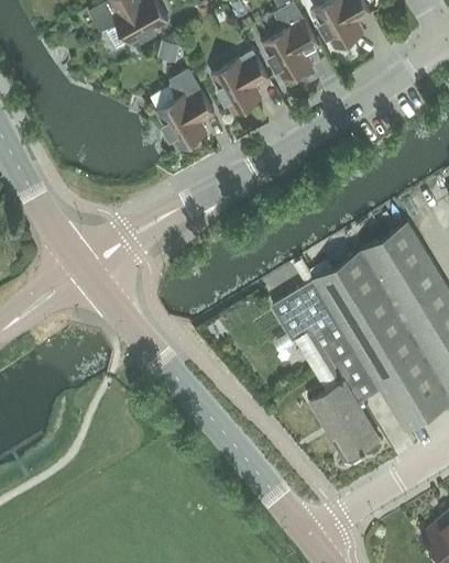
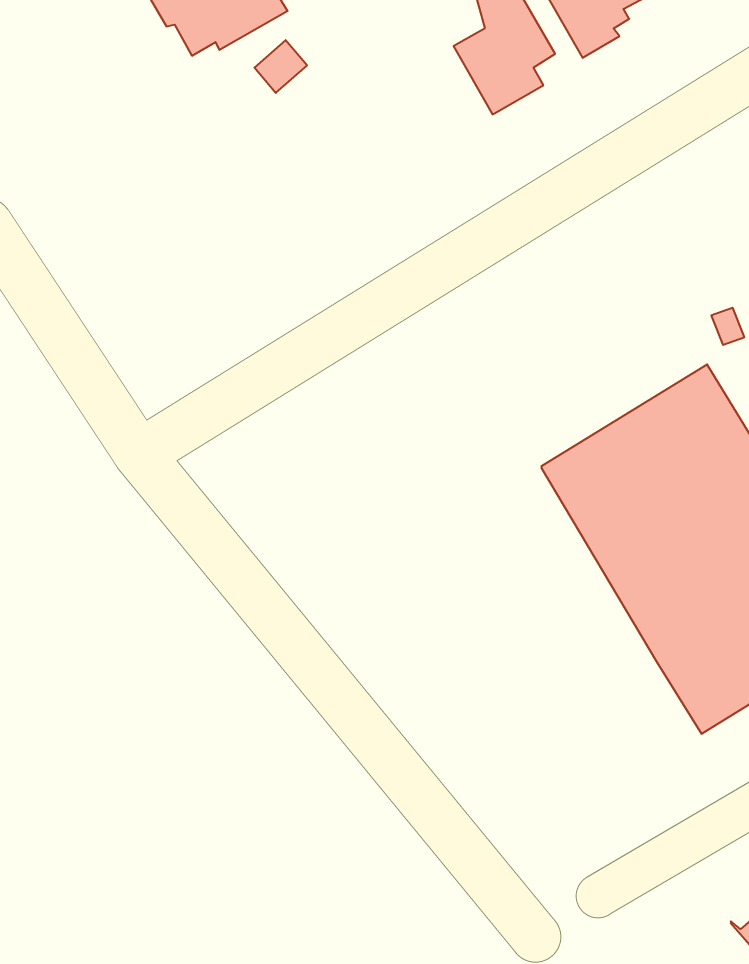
building: [212,54,271,115] -> none
building: [158,70,216,151] -> none
building: [272,282,379,459] -> none

